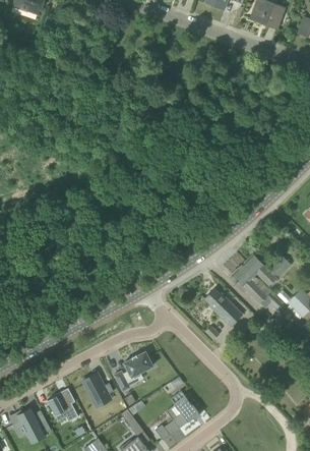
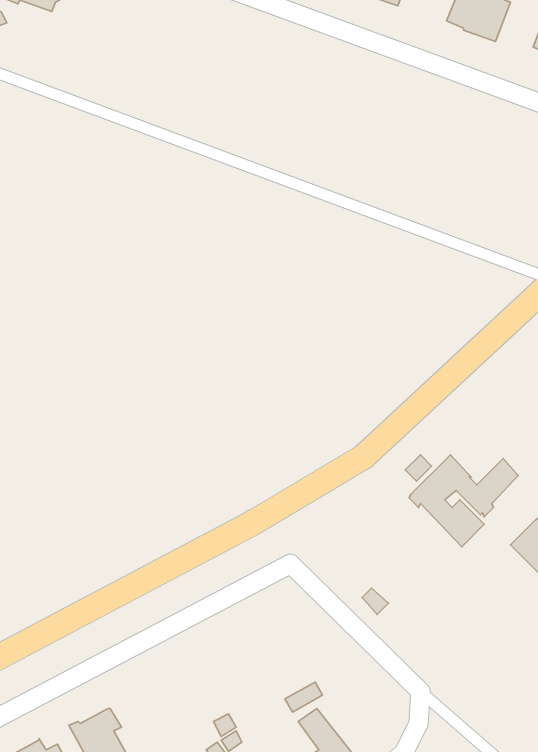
building: [204,288,243,327] -> none
building: [114,351,152,389] -> none
building: [82,373,114,402] -> none

